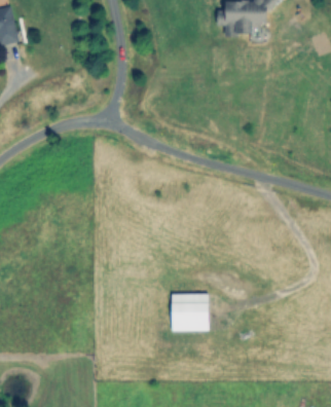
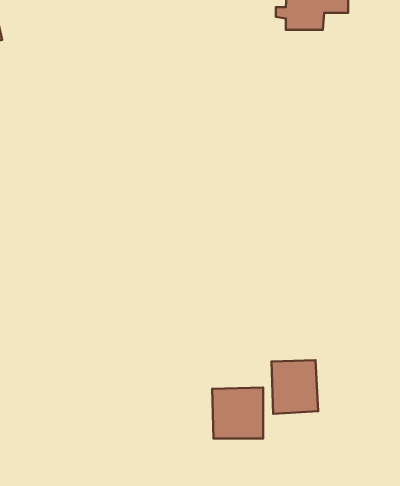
building: none -> [272,360,318,414]

